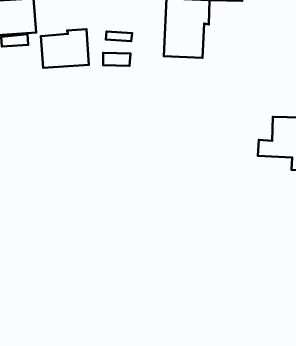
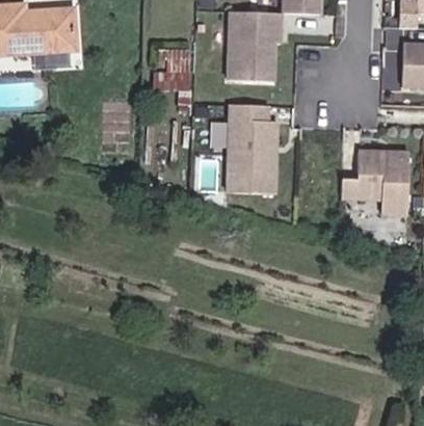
building: [41,29,89,68] -> none
building: none -> [226,104,276,193]

